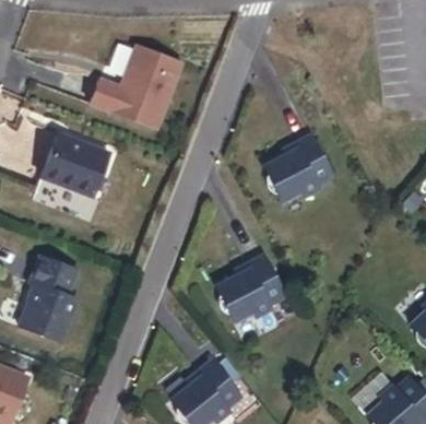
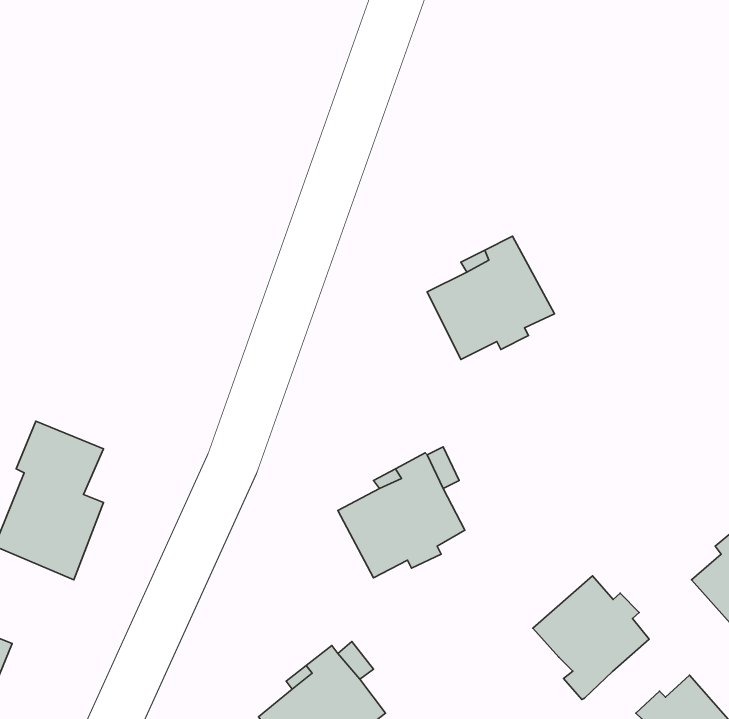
building: [85,58,177,142] -> none
building: [42,138,108,200] -> none
building: none -> [533,576,649,700]

